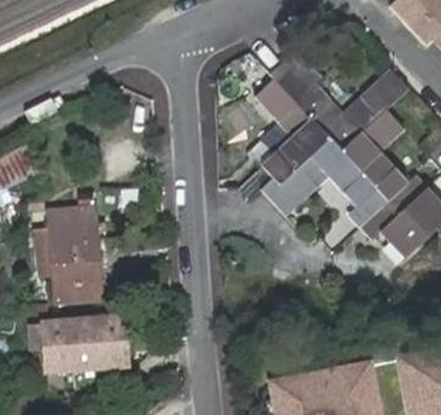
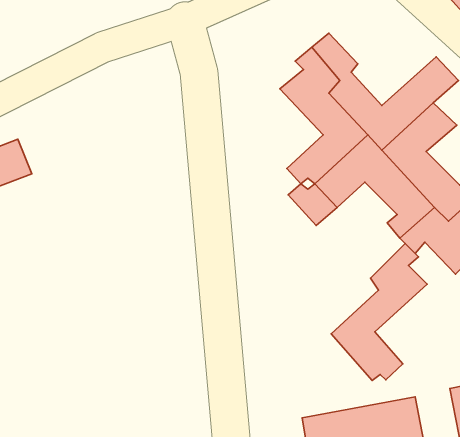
building: [35,206,102,303] -> none
building: none -> [331,243,427,380]
building: [43,318,128,372] -> none

